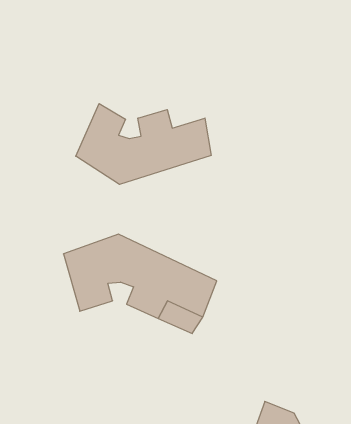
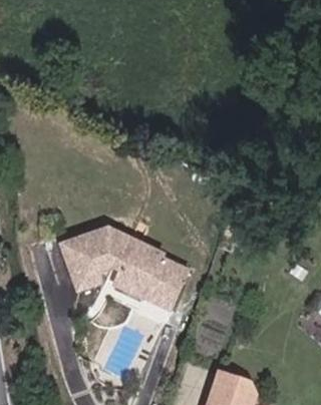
building: [76,104,211,184] -> none

